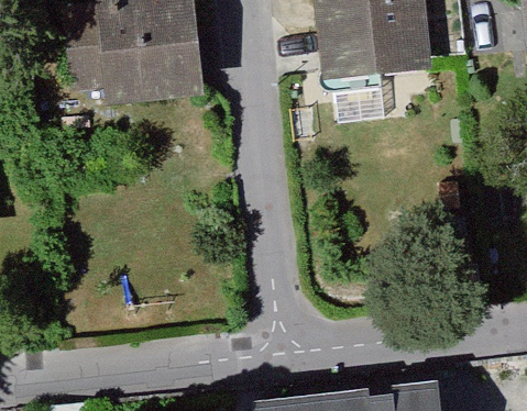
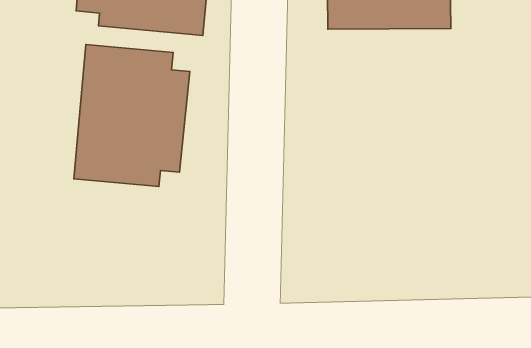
building: none -> [74,44,190,187]

